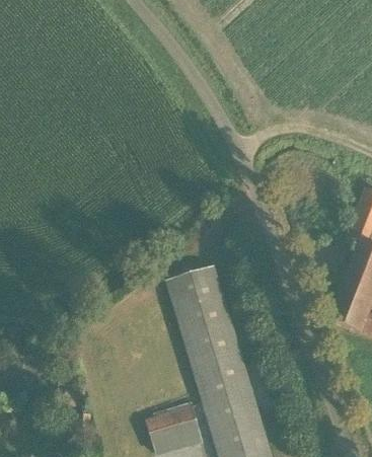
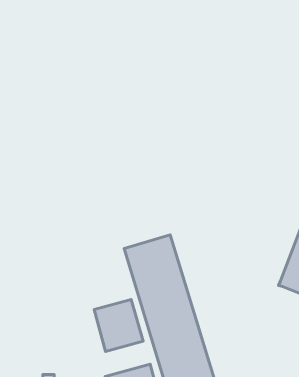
building: none -> [94,299,143,352]

